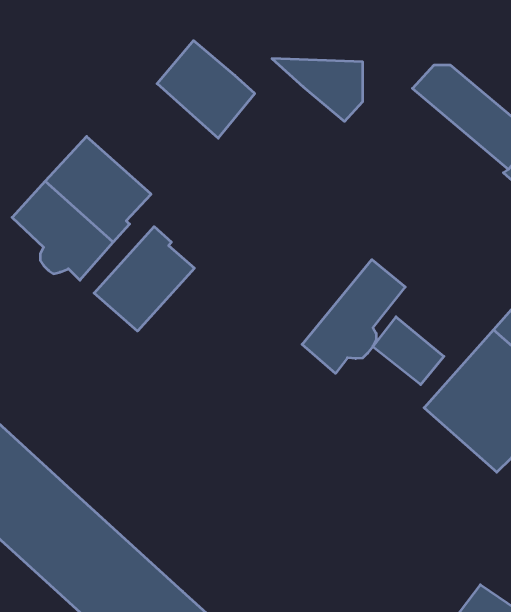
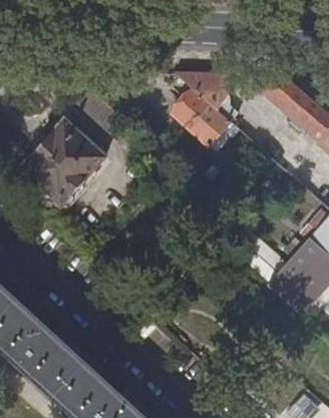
building: [157,41,255,138] -> [173,89,232,148]
building: [94,227,194,331] -> none
building: [302,260,405,373] -> none

